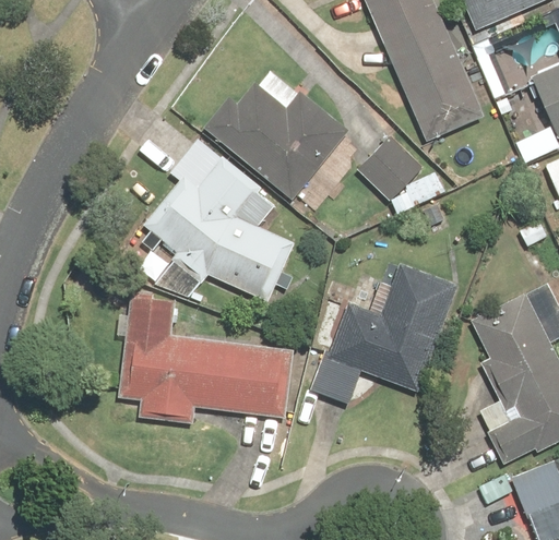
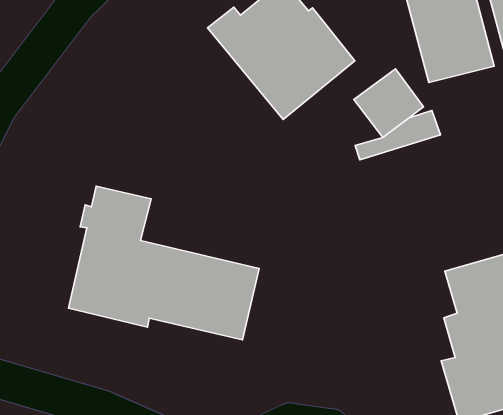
building: [144,140,295,302] -> none
building: [308,262,459,405] -> none

